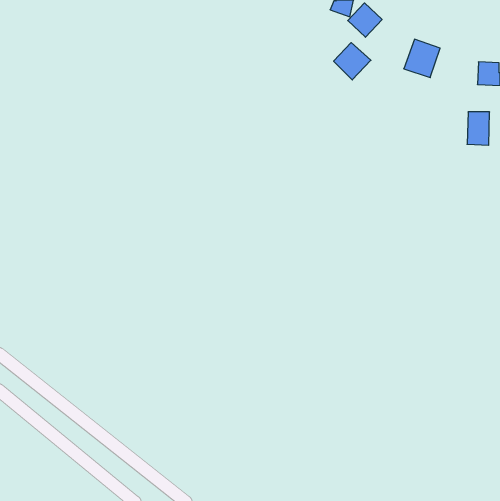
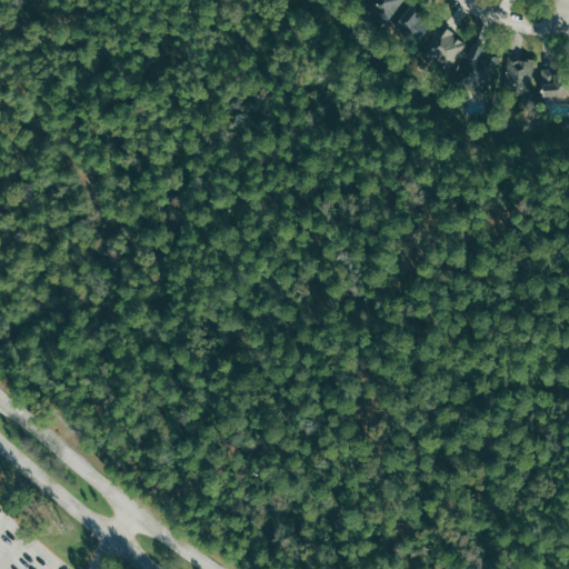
building: [334,43,371,80] -> [423,27,466,69]
building: [467,112,490,145] -> [507,59,532,97]

